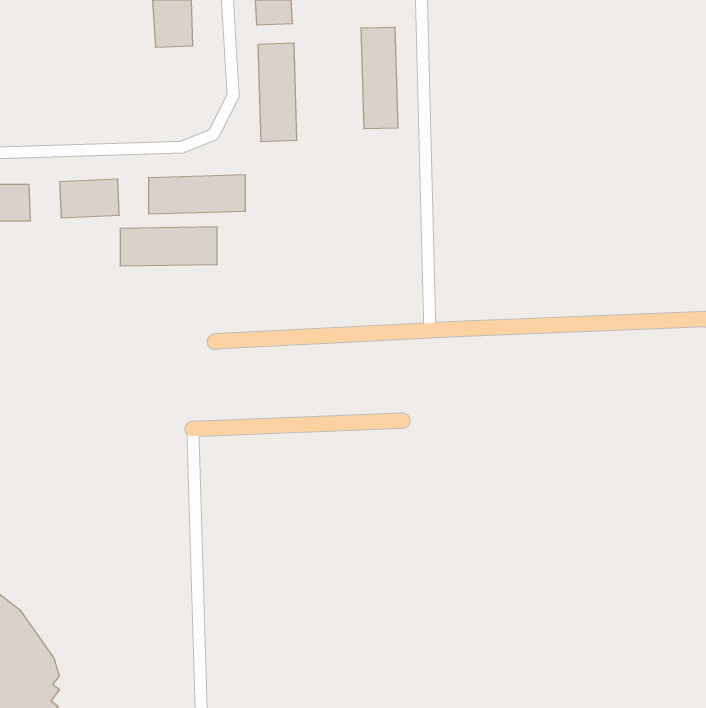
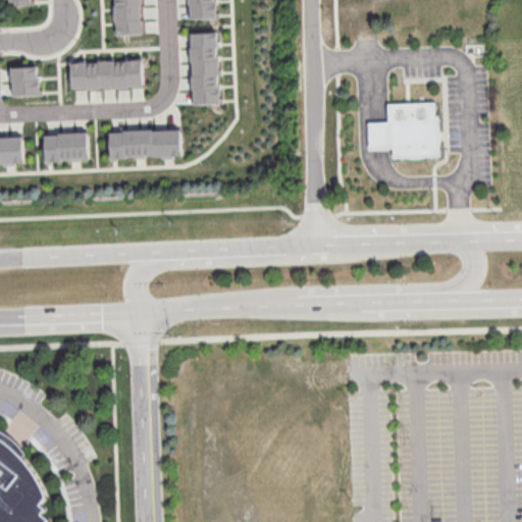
building: [361,27,398,129] -> none
building: none -> [10,66,39,97]
building: none -> [365,102,438,159]
building: [120,227,217,266] -> [70,60,142,89]

